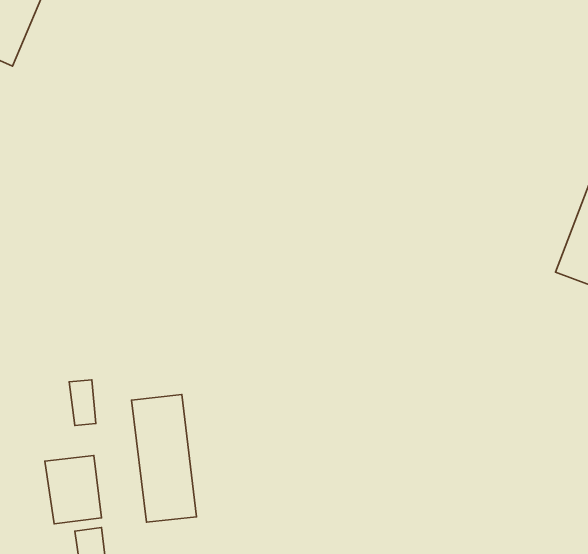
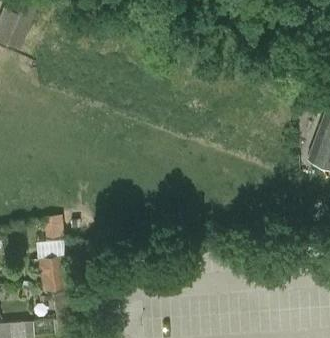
building: [132,395,197,522] -> none

